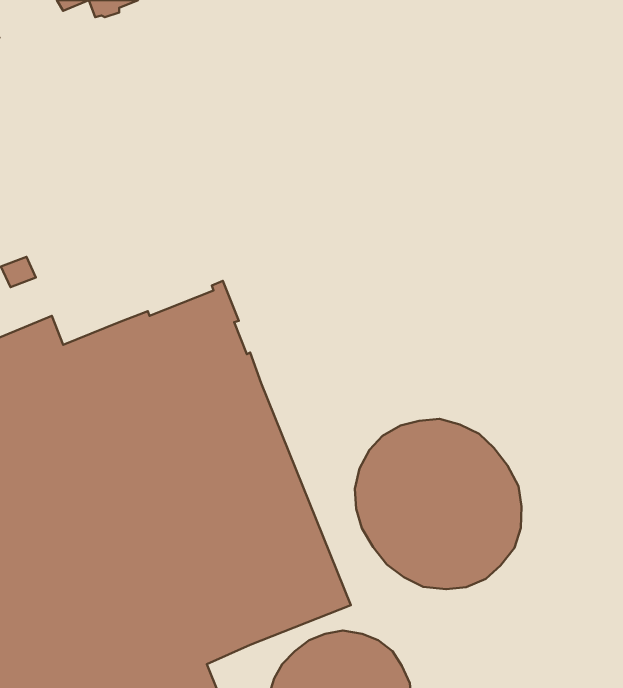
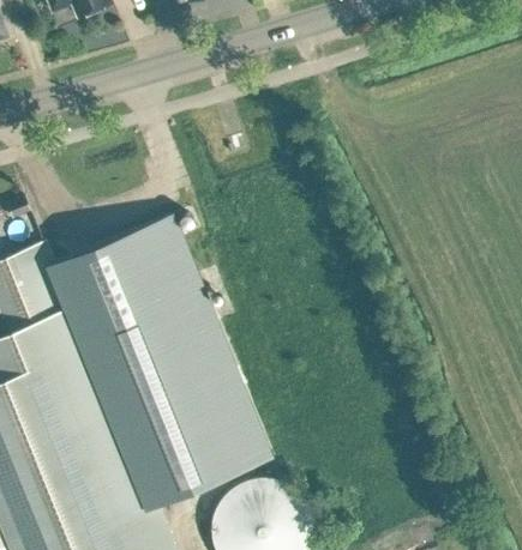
building: [355,419,522,589] -> none

